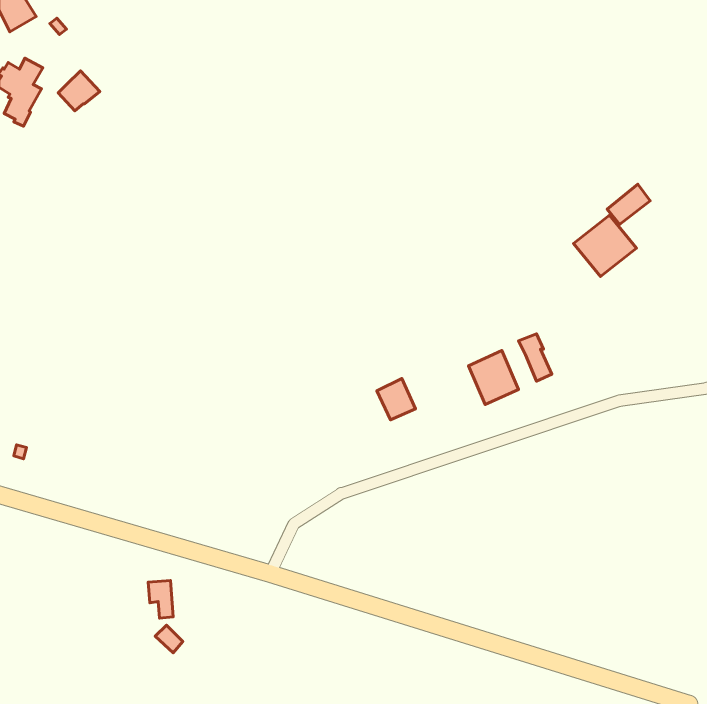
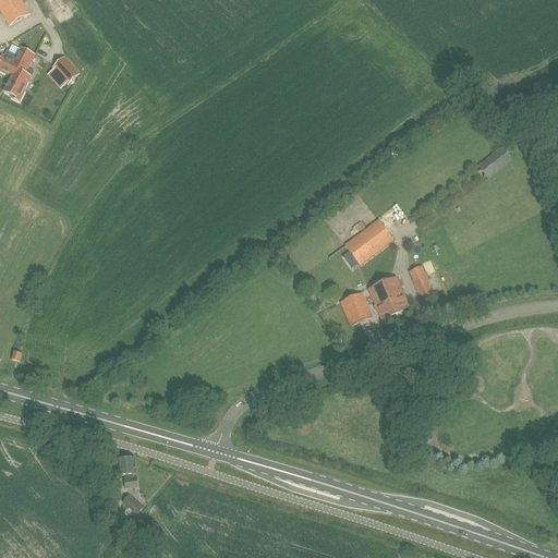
building: [573,215,637,276] -> none
building: none -> [344,219,392,264]
building: [377,378,416,420] -> [340,291,371,324]

